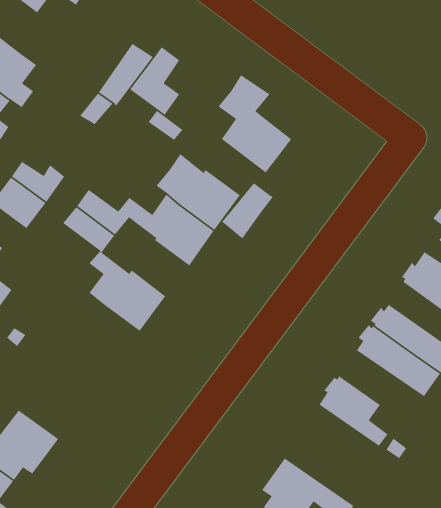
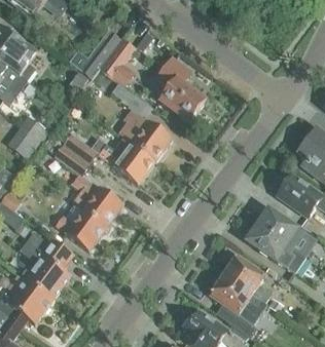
building: [221,182,274,239] -> none
building: none -> [56,209,105,249]
building: none -> [20,231,72,298]
building: none -> [210,275,263,332]

